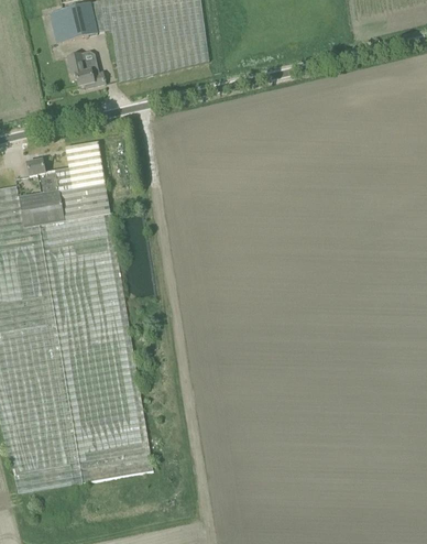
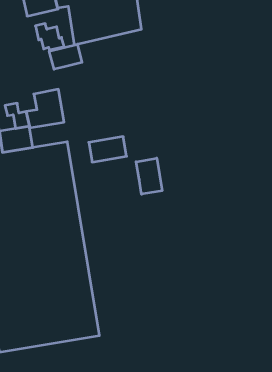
building: none -> [49,44,82,69]
building: [58,183,109,217] -> [89,137,127,162]
building: none -> [136,158,162,194]

